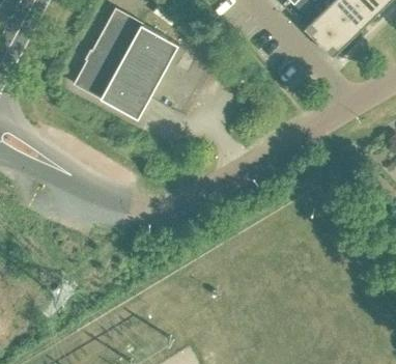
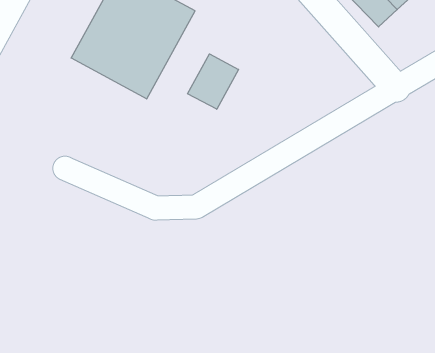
building: none -> [188,54,239,109]

